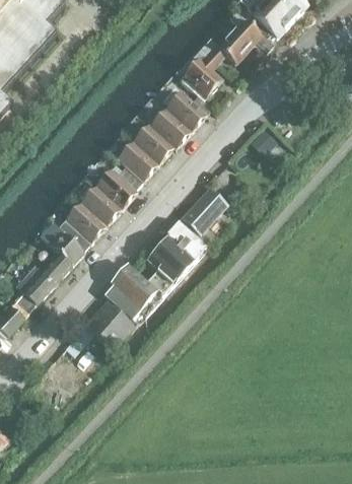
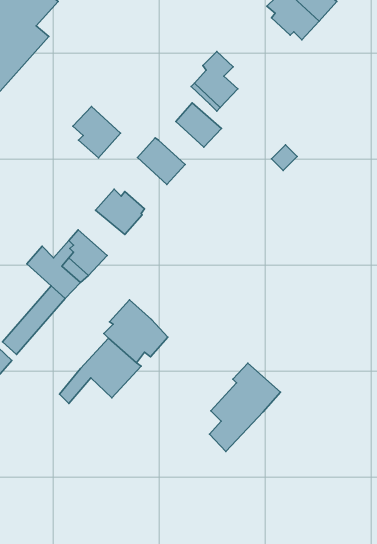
building: [202,8,272,62] -> none
building: [151,109,191,147] -> none
building: [117,140,158,185] -> [73,106,121,158]
building: [183,184,229,232] -> none
building: [81,186,122,225] -> none
building: [145,219,207,296] -> [210,363,281,452]

